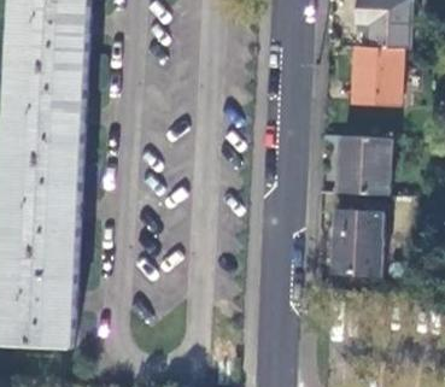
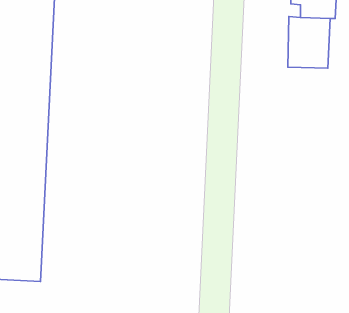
building: [338,137,391,194] -> none
building: [332,211,381,276] -> none

